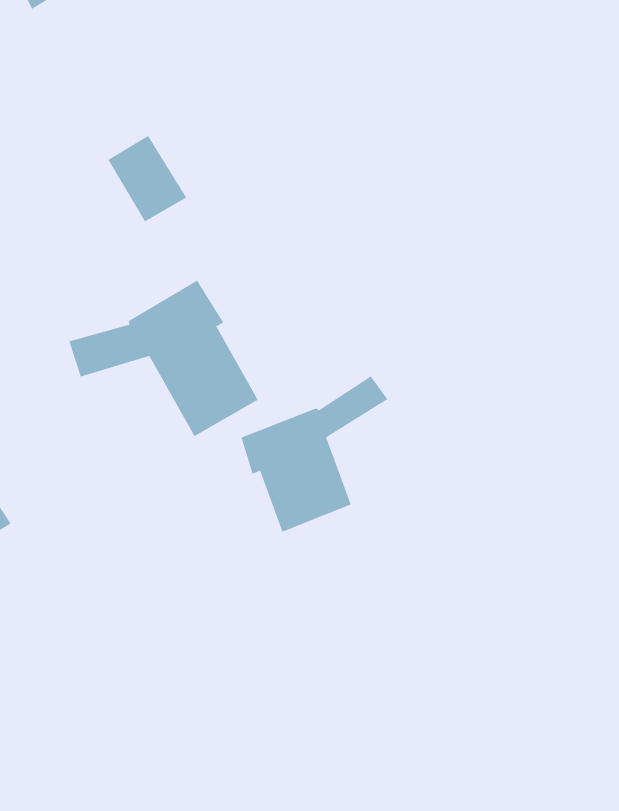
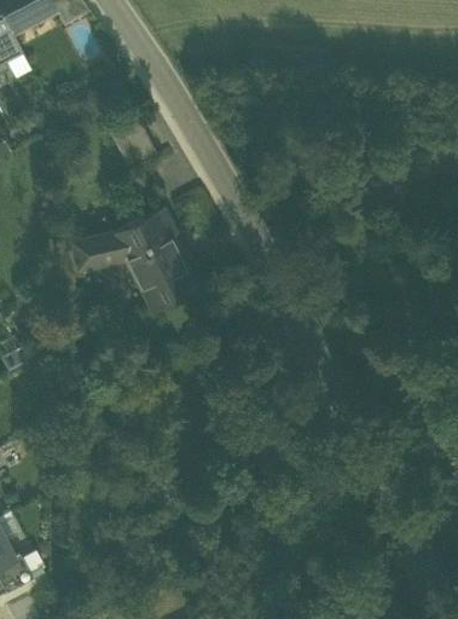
building: [241,375,388,533] -> none

